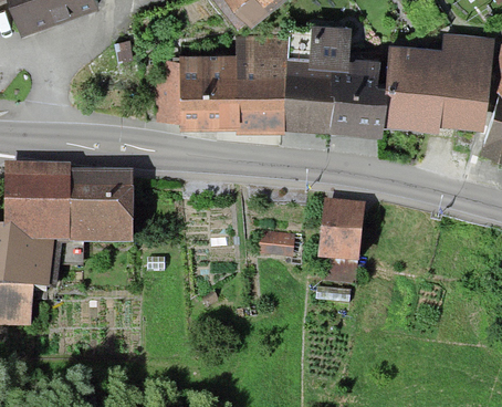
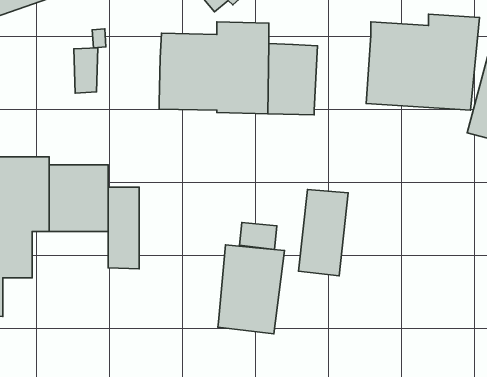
building: [311,23,387,128] -> none
building: [158,74,181,118] -> [74,48,98,93]
building: none -> [108,187,139,269]
building: none -> [218,245,284,334]

